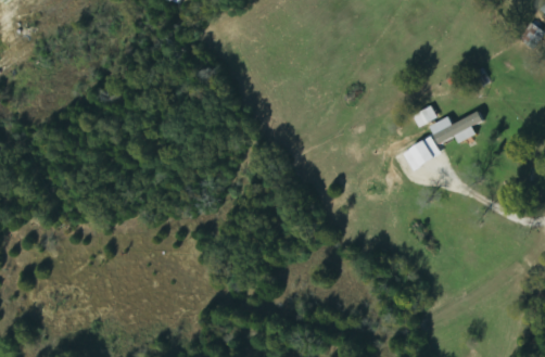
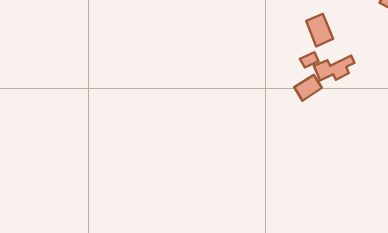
building: none -> [306,14,333,47]

